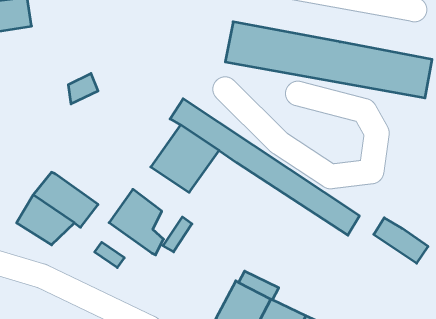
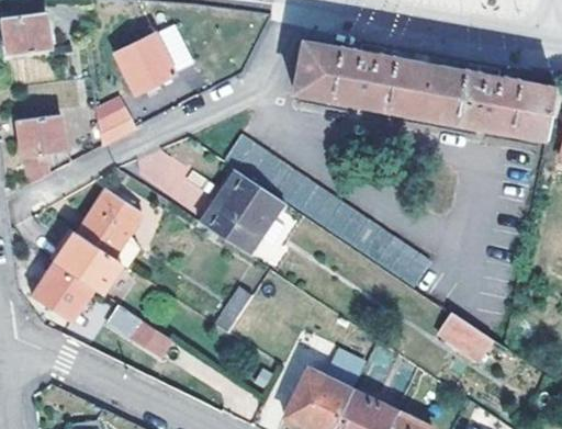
building: none -> [115,34,175,93]
building: none -> [18,113,66,184]
building: [109,189,164,255] -> [80,191,148,273]
building: [374,218,428,263] -> [436,311,504,368]

